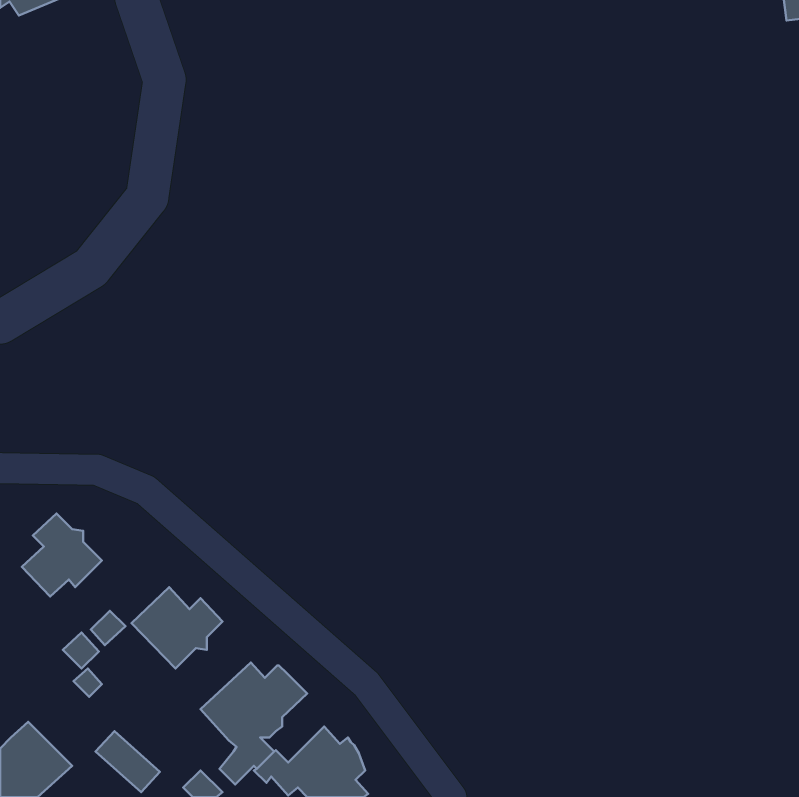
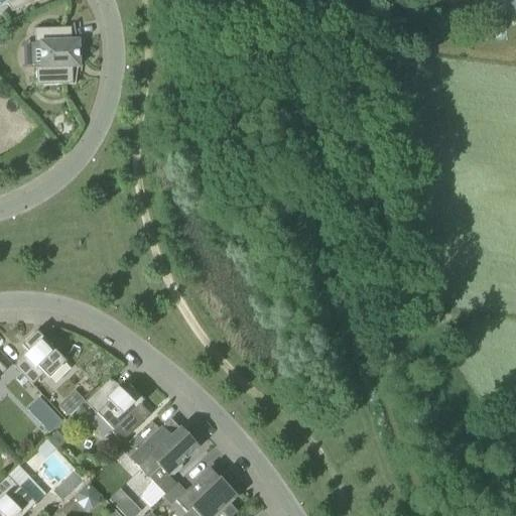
building: none -> [35,26,81,85]

